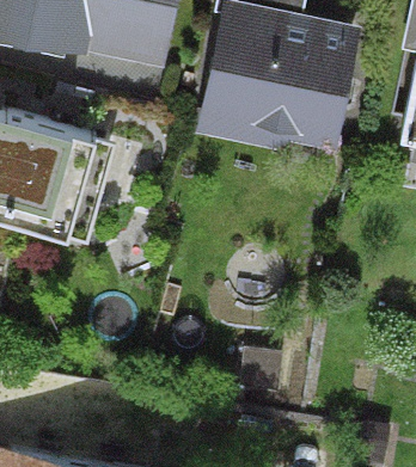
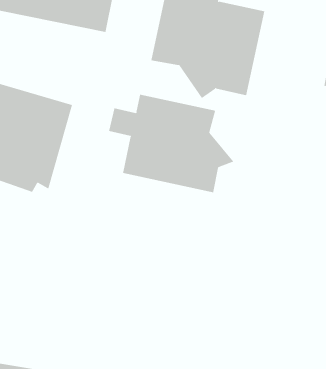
building: none -> [109,94,234,193]

